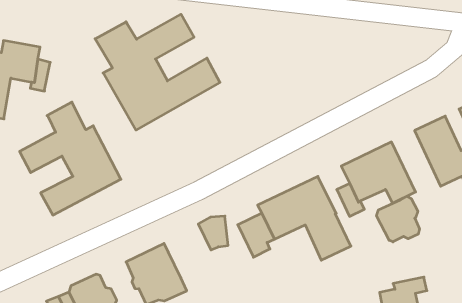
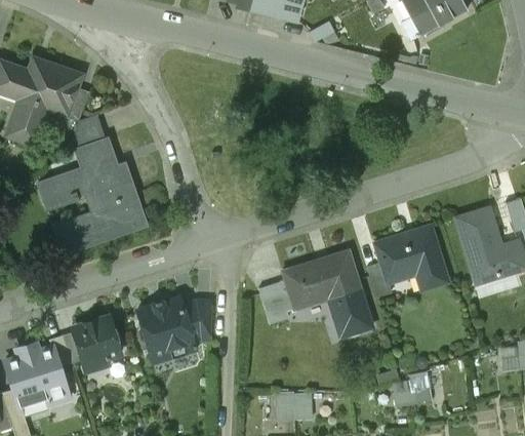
building: [95,14,220,130] -> none
building: none -> [68,113,106,153]
building: [377,196,419,242] -> none
building: [198,216,228,250] -> [183,301,211,334]

